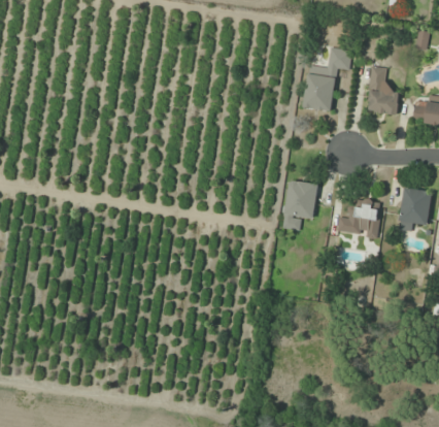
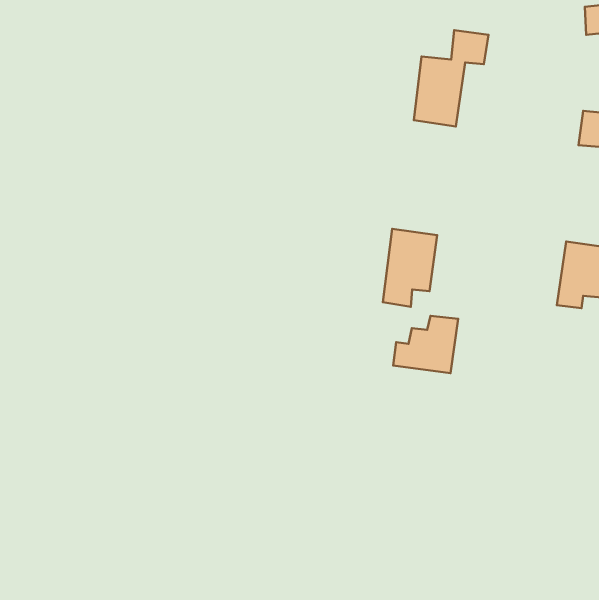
building: [368,67,398,113] -> none
building: [337,199,380,237] -> [393,316,458,373]

